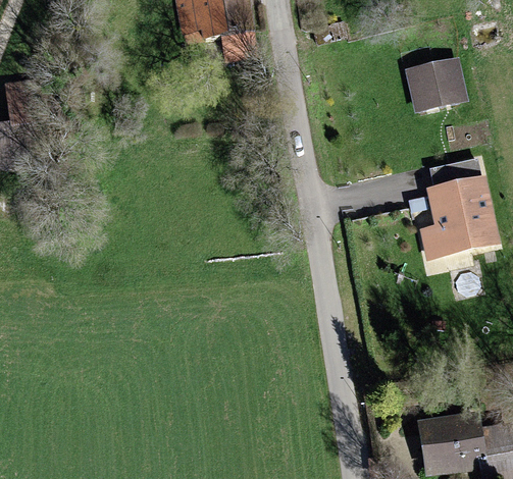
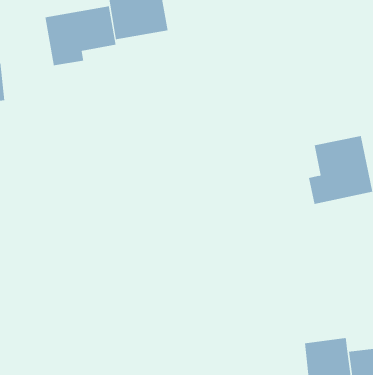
building: none -> [45,5,116,66]
building: [403,51,466,105] -> none

